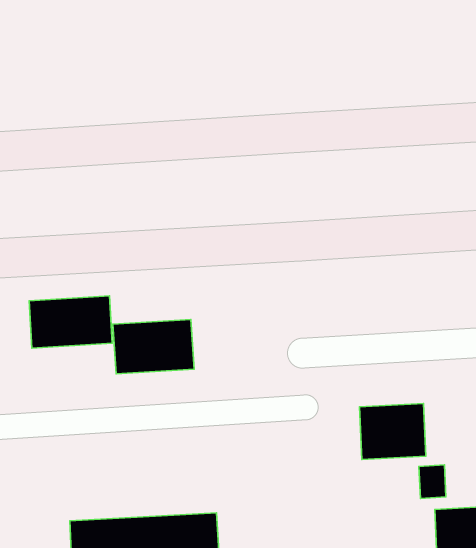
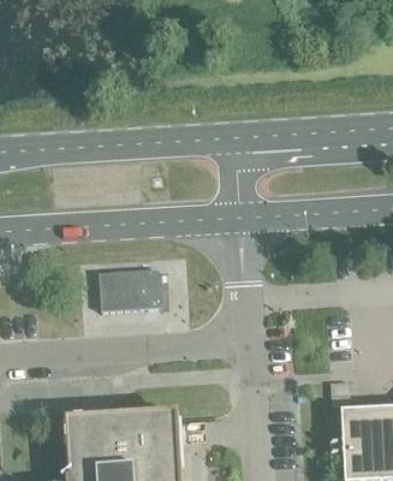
building: [29,296,112,348] -> none
building: [359,404,426,459] -> none

